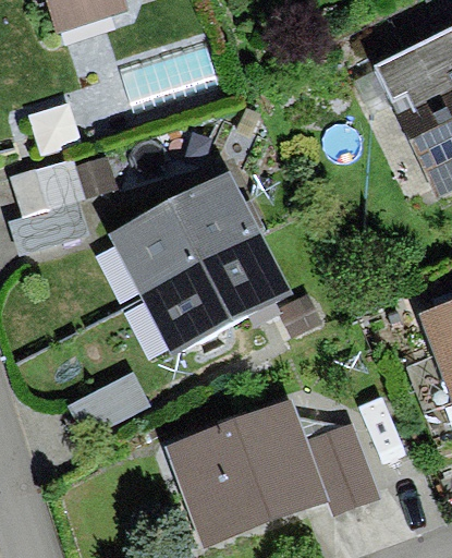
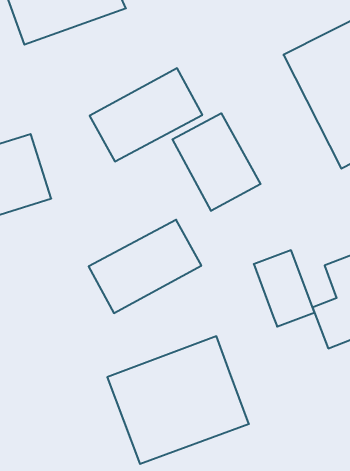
building: none -> [172,113,261,211]
building: [113,204,245,313] -> [90,68,202,161]
building: [307,420,378,509] -> [254,250,314,327]

